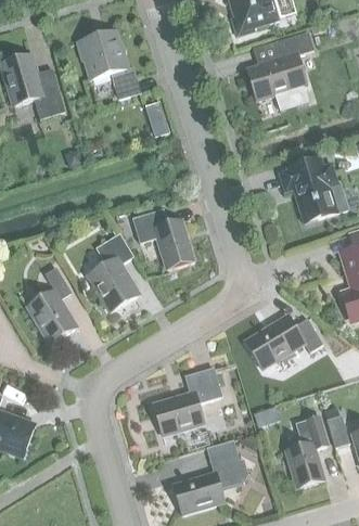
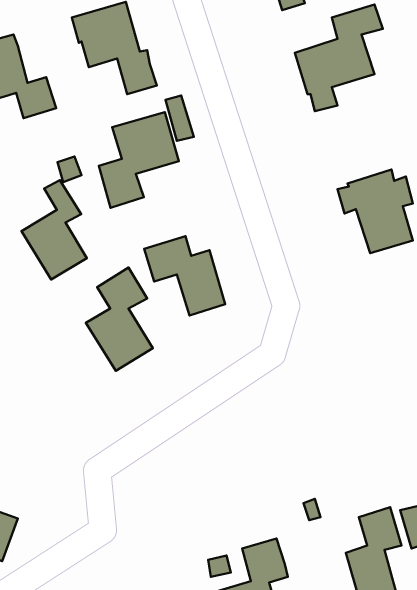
building: none -> [99,112,179,208]
building: [26,267,76,343] -> [21,180,87,279]
building: [244,315,322,369] -> none
building: [153,369,221,435] -> none

